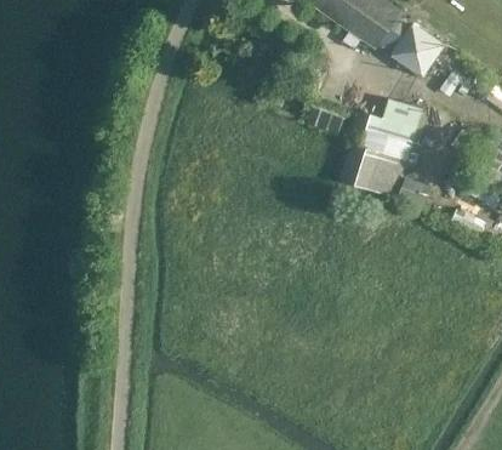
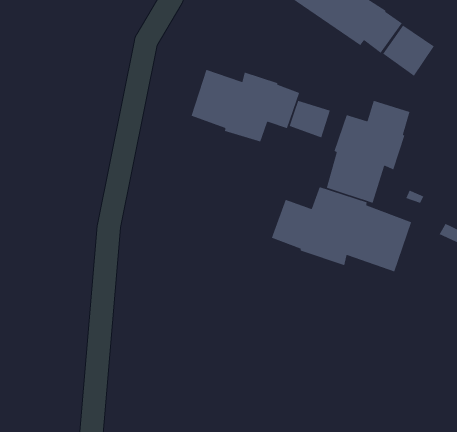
building: none -> [190,69,300,143]
building: none -> [271,186,412,273]

